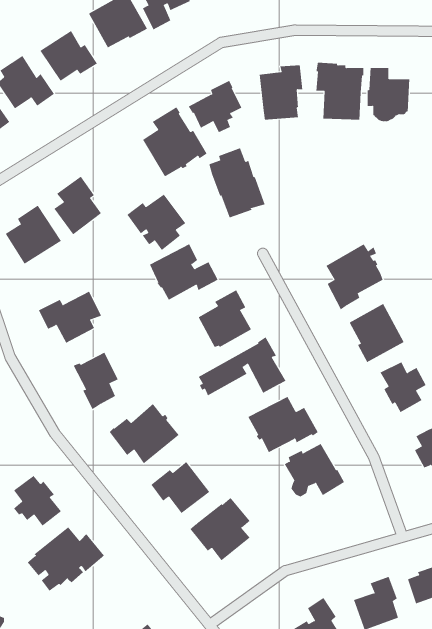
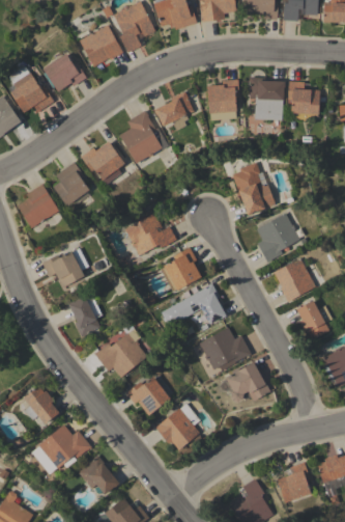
building: [208,148,265,218] -> [232,162,275,215]
building: [127,194,186,251] -> [81,141,125,184]
building: none -> [78,456,120,494]

